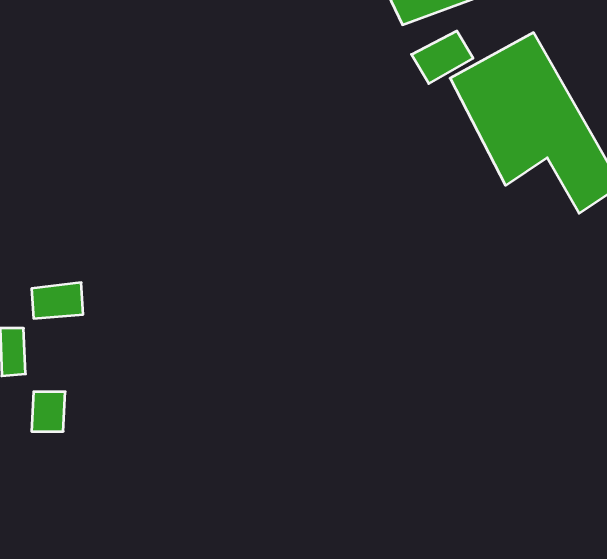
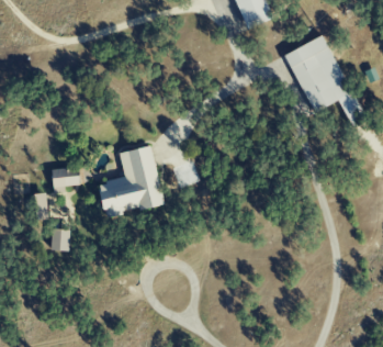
building: [411,31,473,84] -> none
building: none -> [97,146,164,219]

